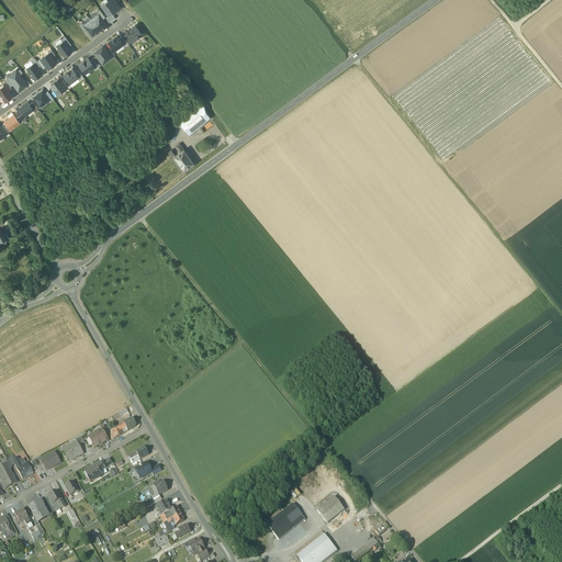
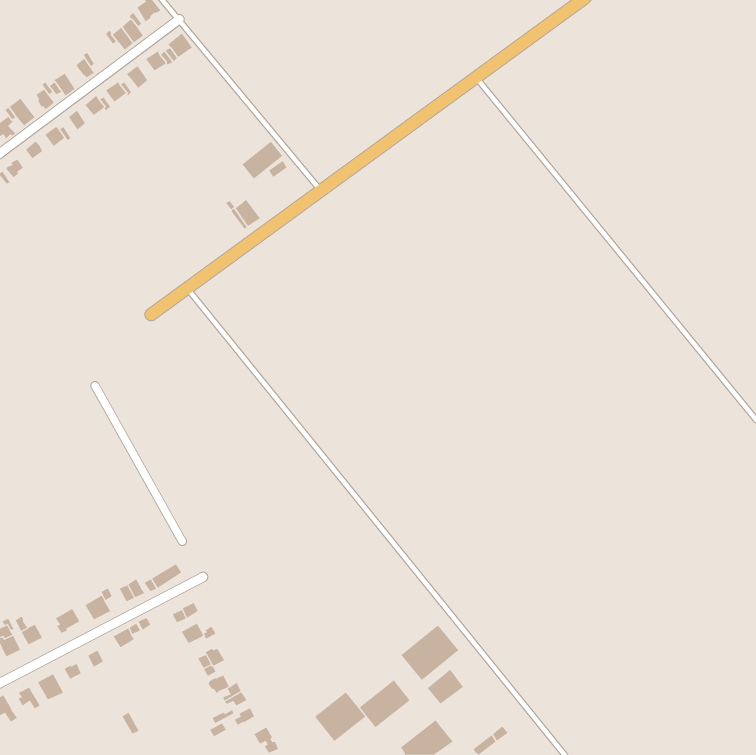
building: none -> [401,625,459,681]
building: none -> [314,691,366,742]

